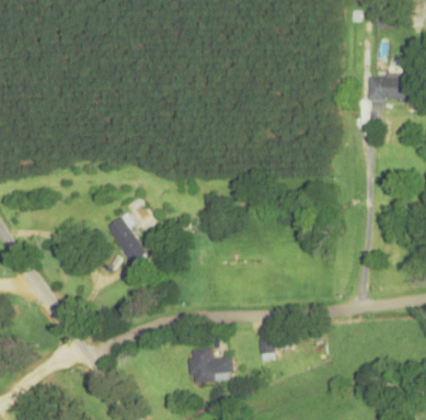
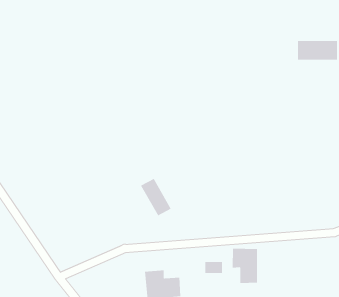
building: [107,216,145,261] -> [140,178,172,216]
building: none -> [232,248,257,284]

